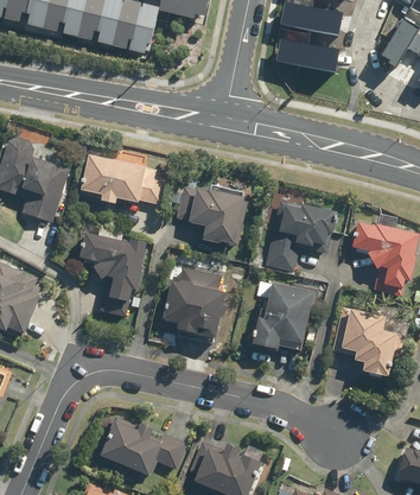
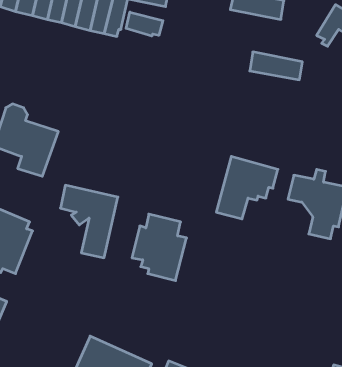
building: none -> [126,12,163,36]
building: [276,38,339,71] -> [250,52,302,80]
building: [85,154,170,204] -> none
building: [173,186,244,245] -> none
building: [250,284,311,351] -> none
building: [331,306,393,376] -> none

